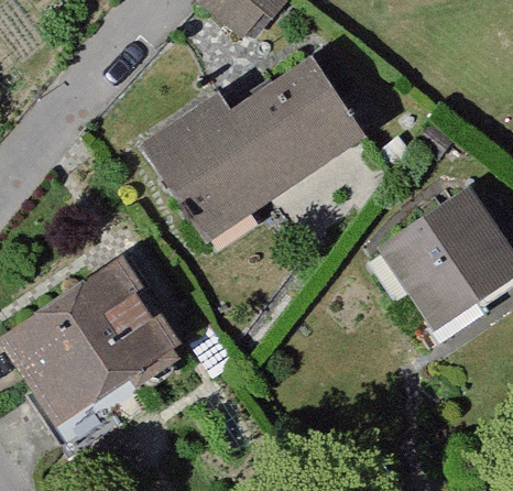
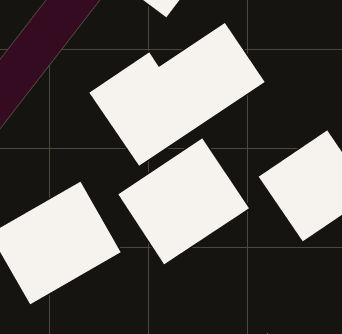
building: none -> [117,137,250,265]

